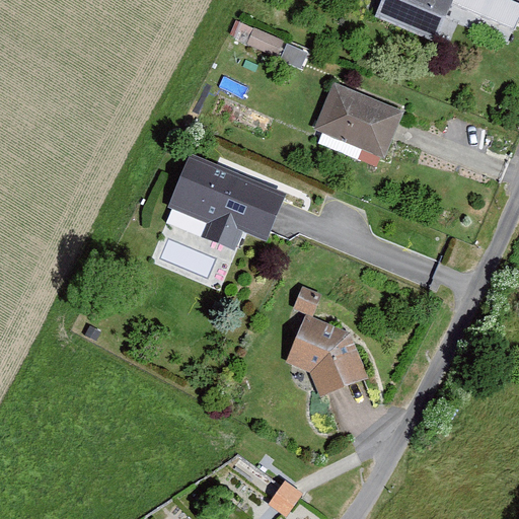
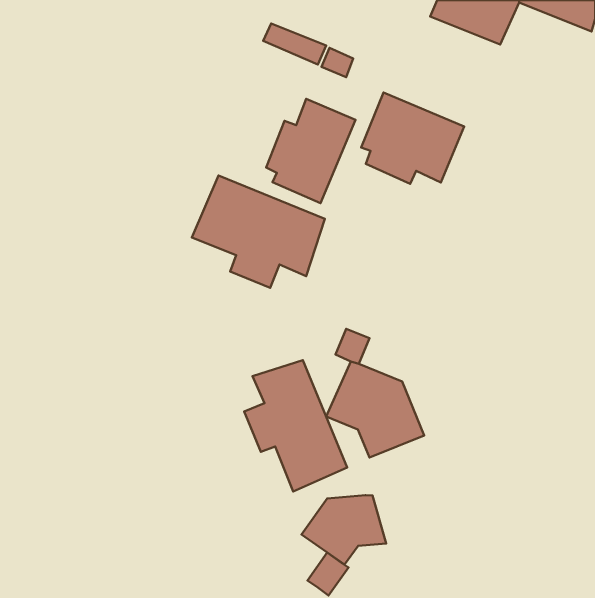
building: none -> [266,99,356,203]
building: none -> [244,360,347,491]
building: none -> [302,495,386,564]

